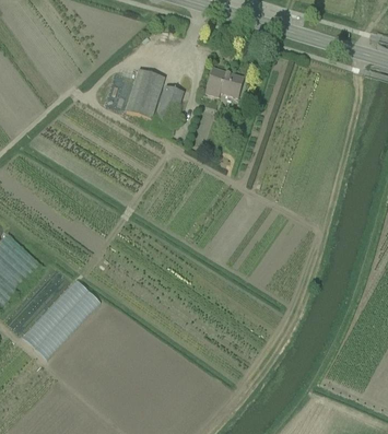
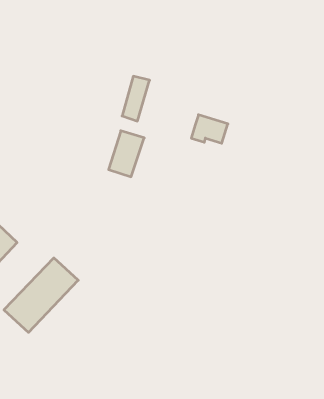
building: [204,67,244,97] -> [191,115,228,143]
building: [126,68,164,117] -> [109,131,144,177]

